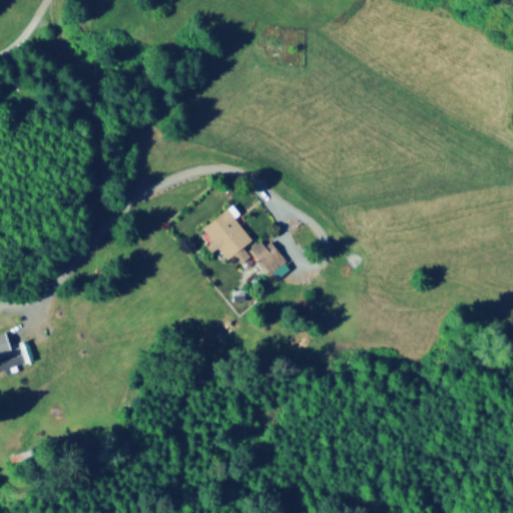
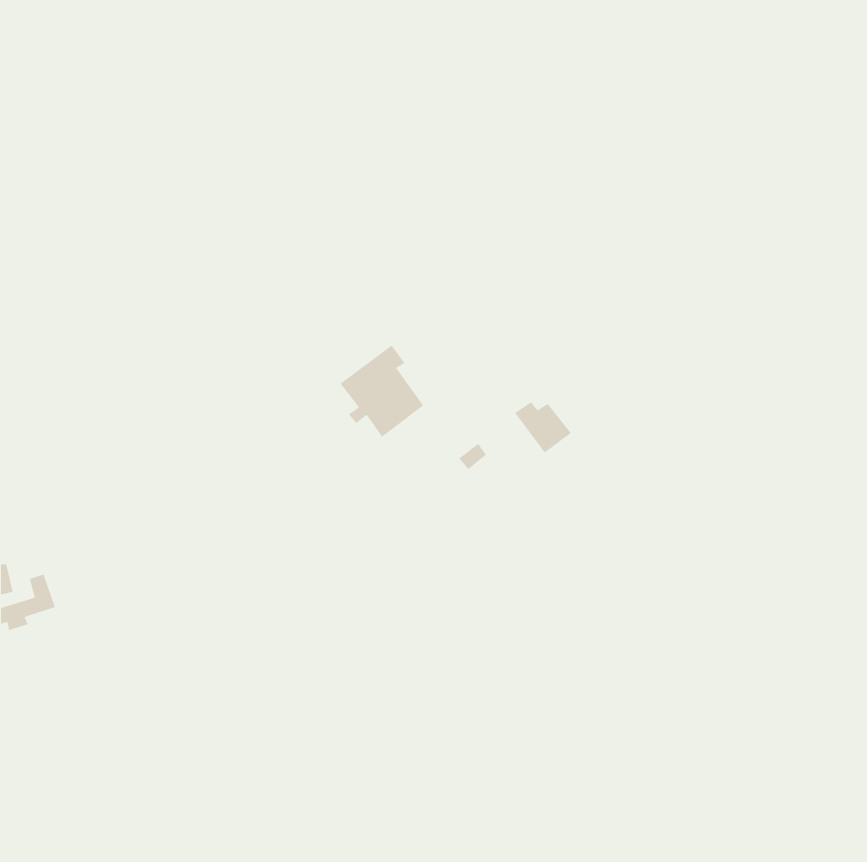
building: [248,242,283,274] -> [514,401,572,454]

